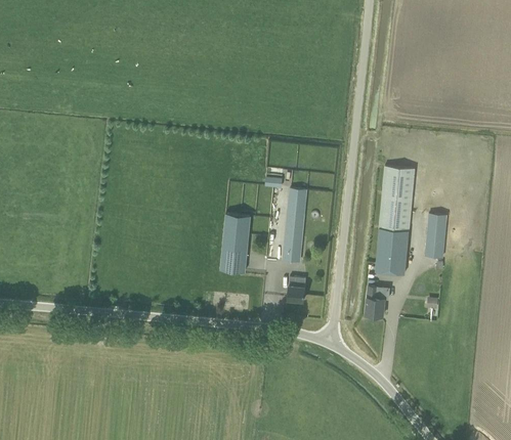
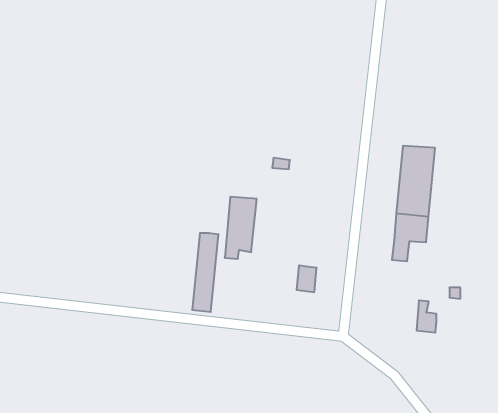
building: [282,189,306,262] -> [192,233,219,312]
building: [425,214,448,259] -> none
building: [366,288,384,317] -> [417,300,436,333]

